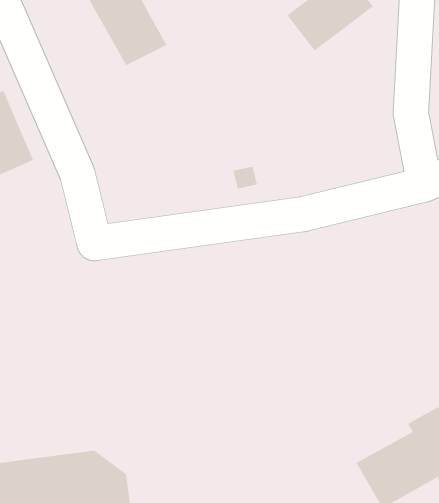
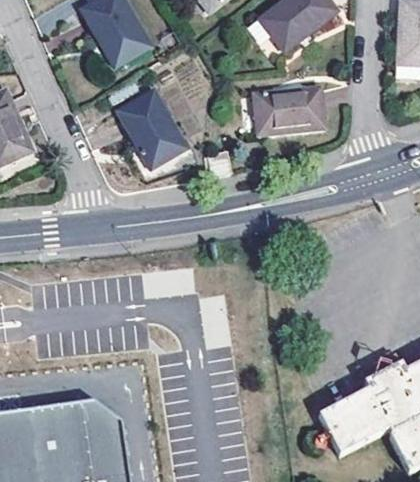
building: none -> [249,88,318,135]
building: none -> [120,90,187,166]

